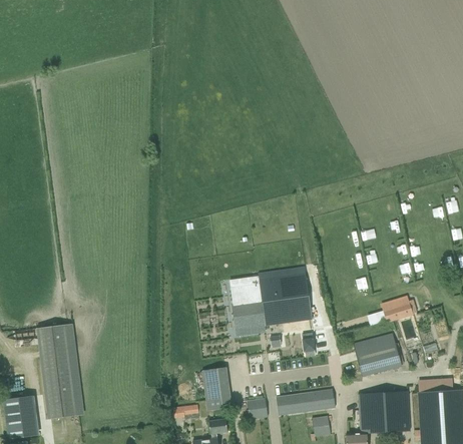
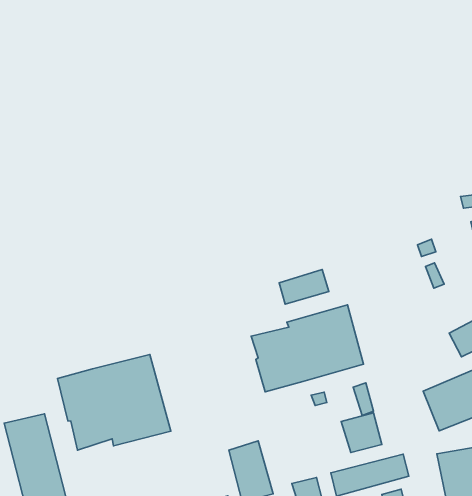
building: none -> [279,270,329,304]
building: none -> [57,354,171,450]
building: none -> [341,413,382,453]

